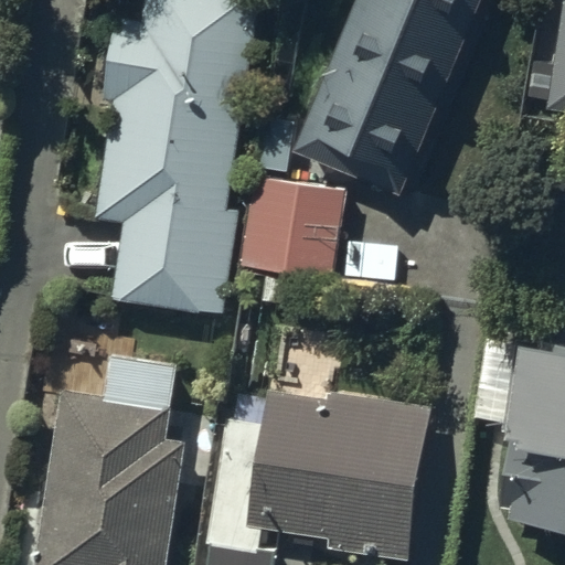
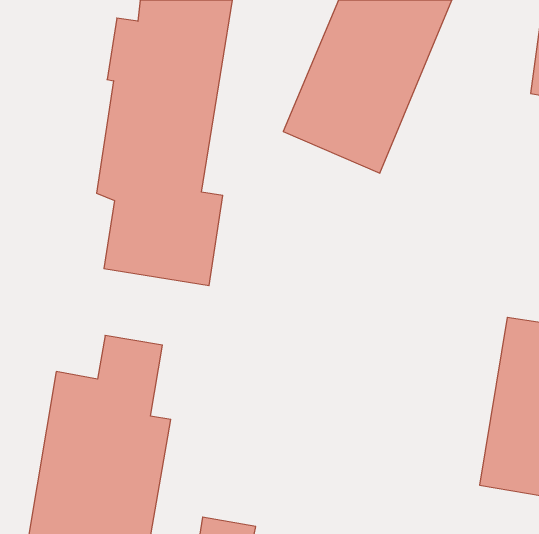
building: [244,179,343,277] -> none
building: [259,399,424,556] -> none

